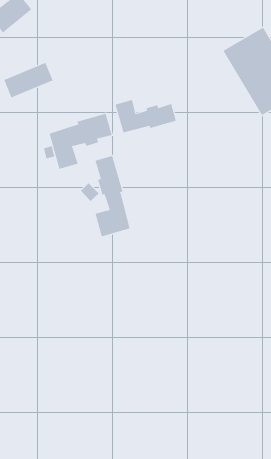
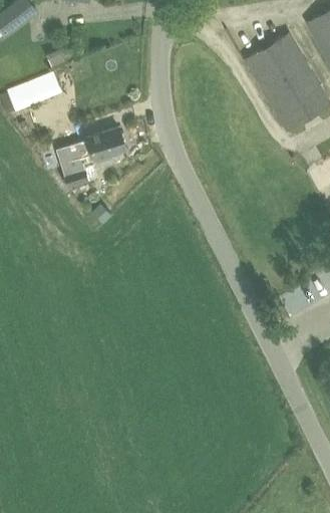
building: [115,99,176,133] -> none
building: [95,155,130,237] -> none

